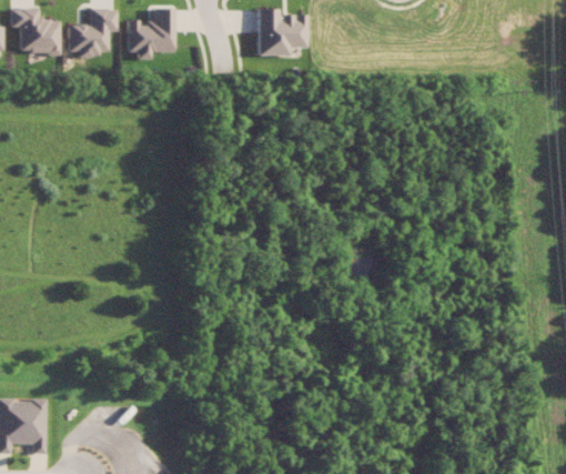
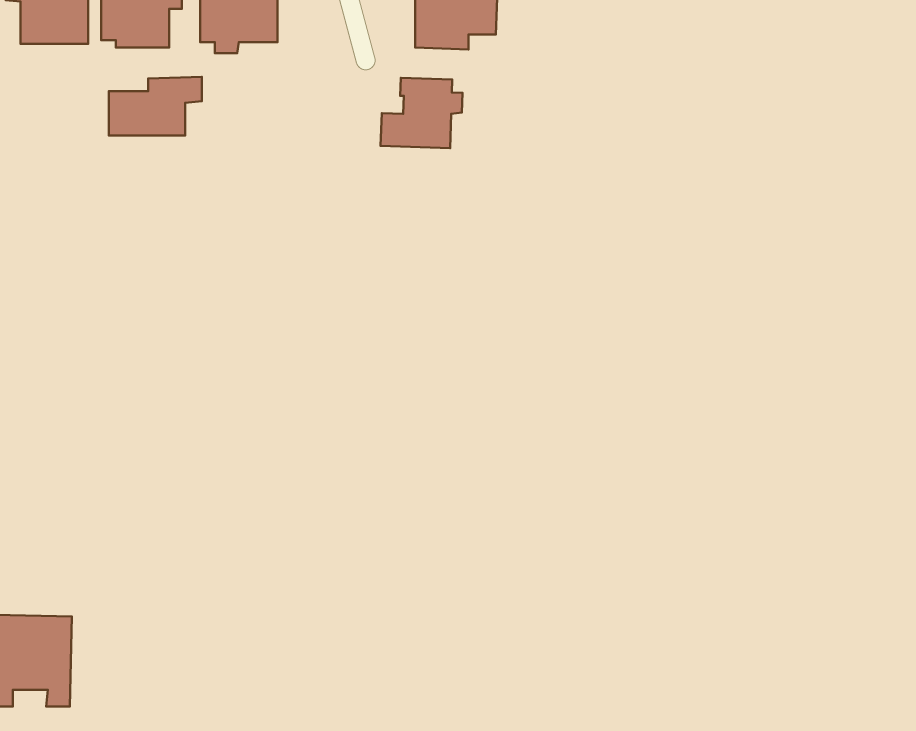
building: none -> [109,77,202,136]
building: none -> [381,78,463,148]

